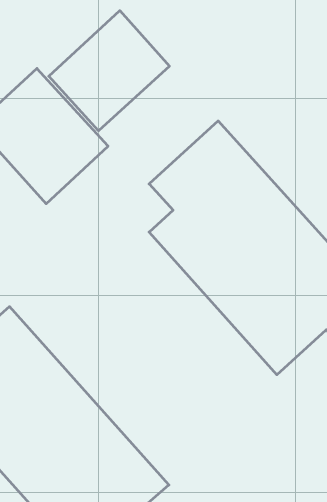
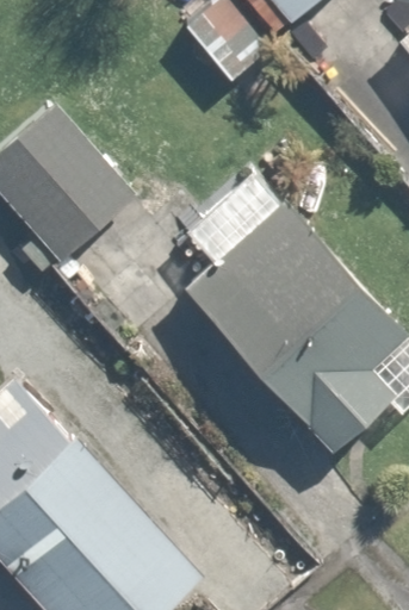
building: [49,11,169,131] -> none

